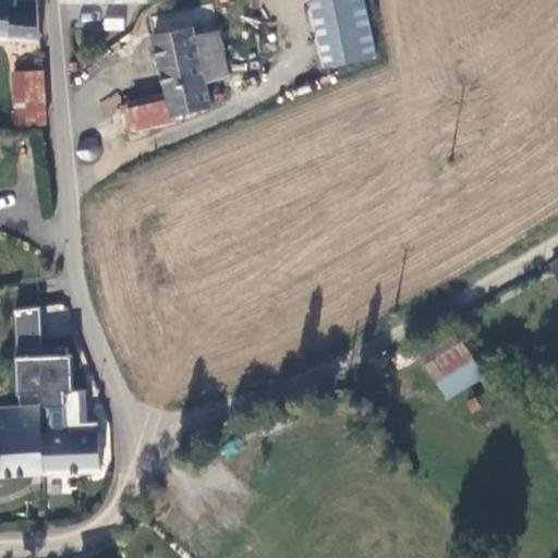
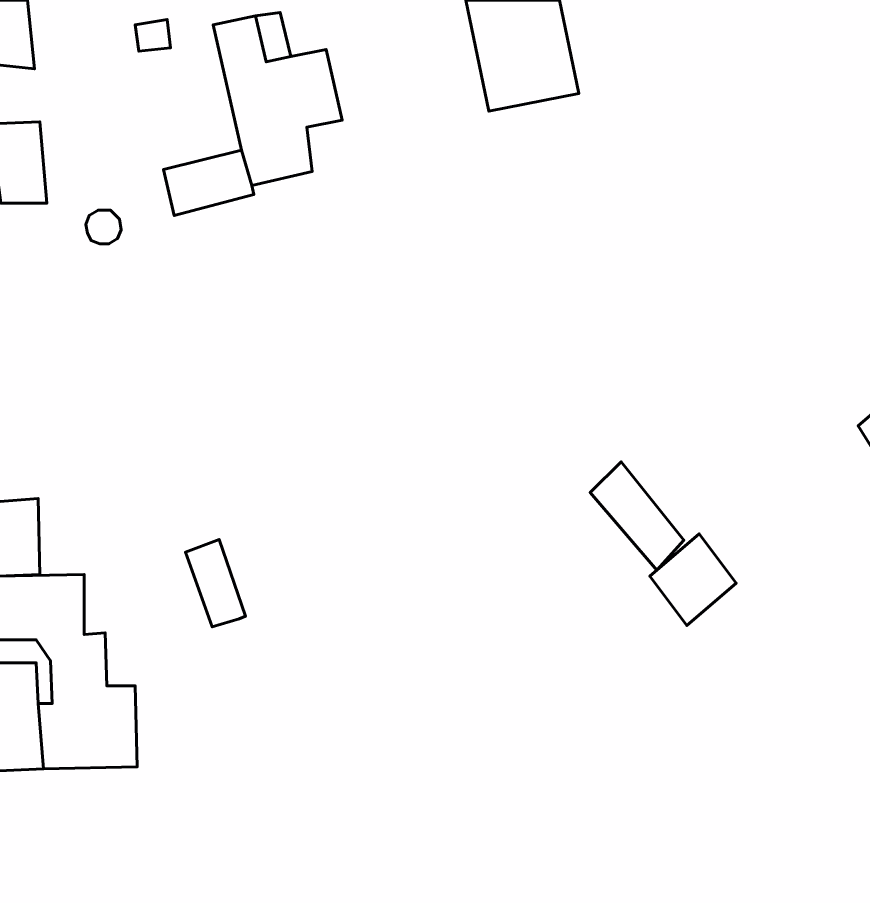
building: none -> [590,462,684,570]
building: none -> [185,539,245,627]

